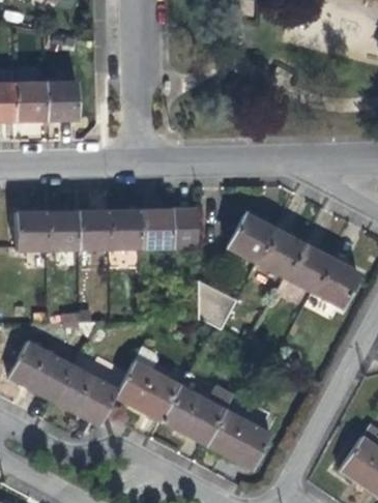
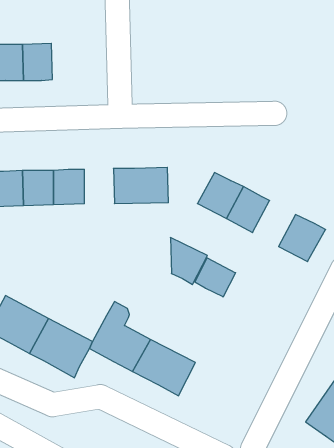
building: [111,210,142,246] -> none
building: [285,243,329,291] -> none
building: none -> [195,258,236,297]
building: [208,411,271,469] -> none

